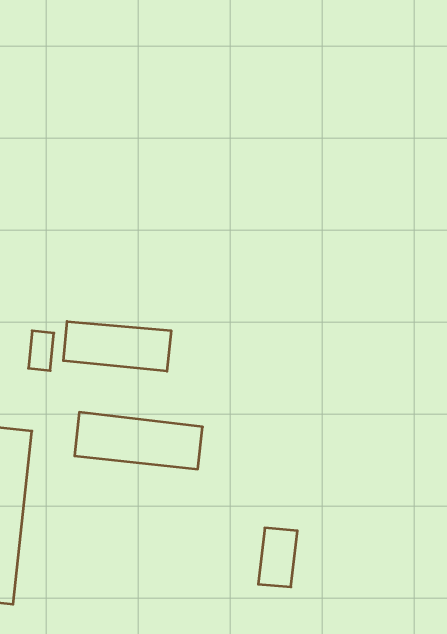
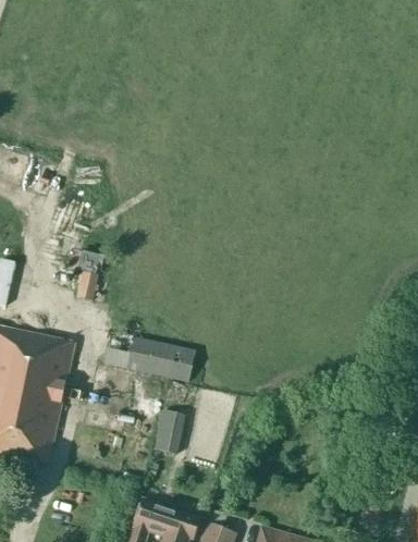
building: [63,321,171,371] -> none
building: [258,528,297,587] -> [153,411,185,455]

